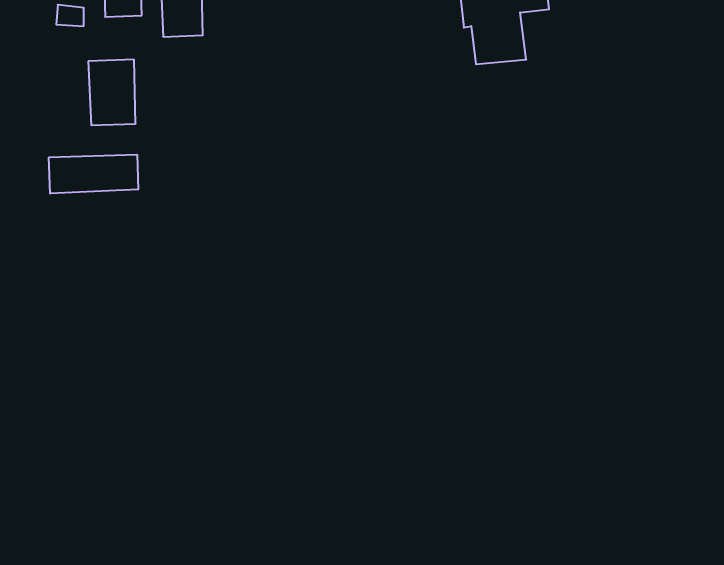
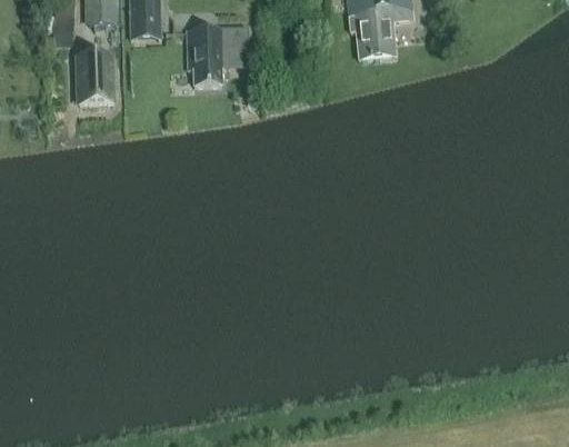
building: none -> [187,26,227,82]
building: [49,155,138,194] -> none

